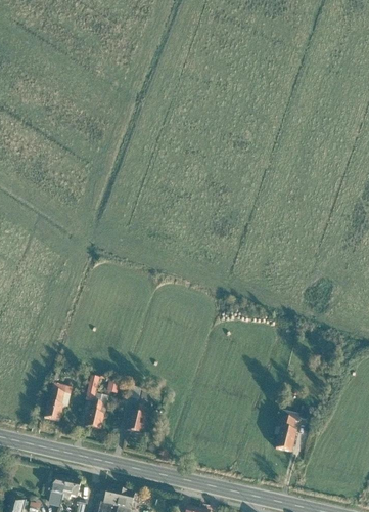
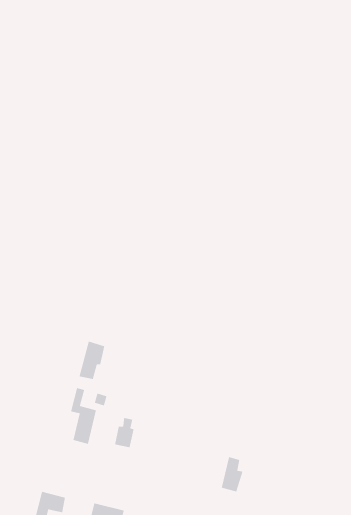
building: [44,384,70,422] -> [78,340,105,380]
building: [281,419,303,454] -> [221,456,243,493]

